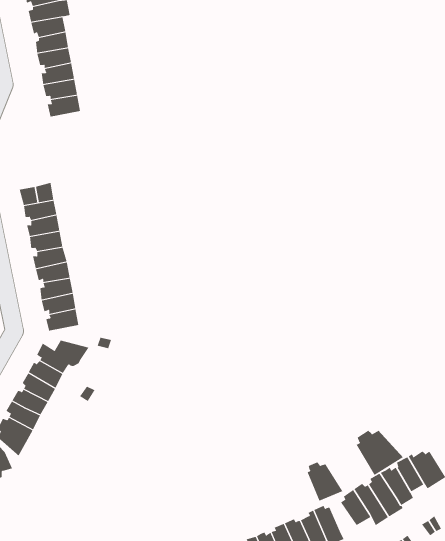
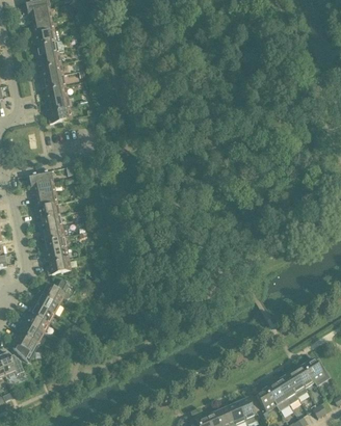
building: [356,430,404,476] -> none
building: [307,461,343,502] -> none

